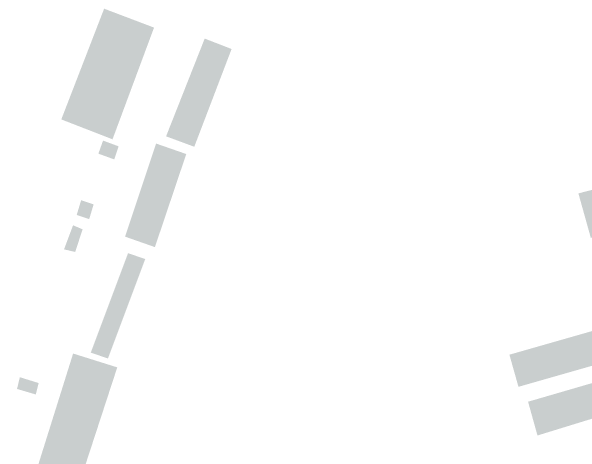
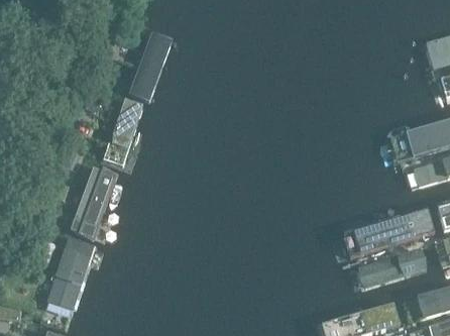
building: [60,8,155,140] -> none

